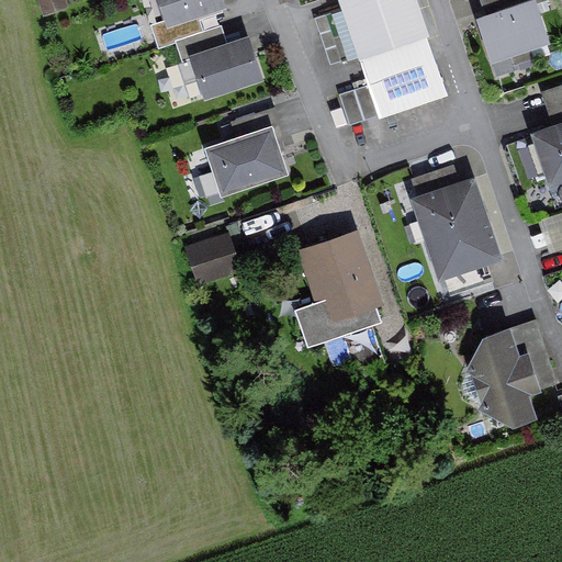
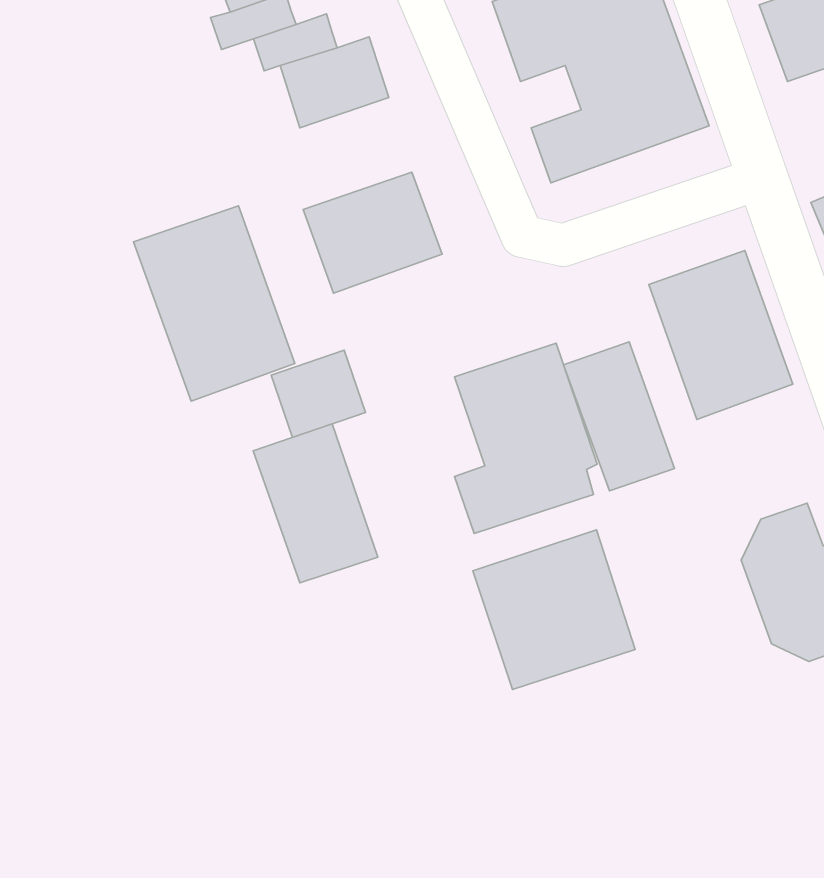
building: none -> [134,206,295,401]
building: none -> [564,342,674,491]
building: none -> [253,424,378,583]
building: none -> [473,530,635,689]

